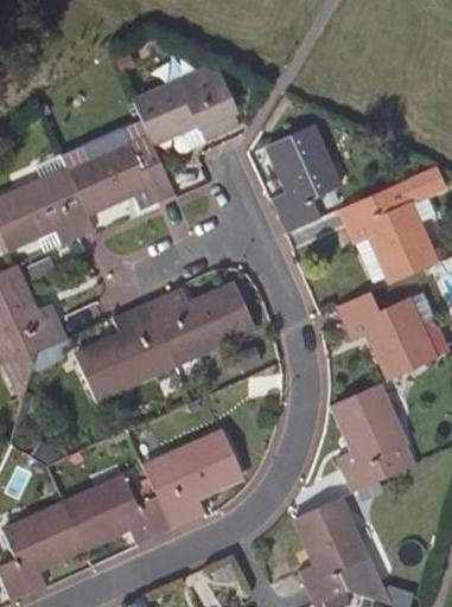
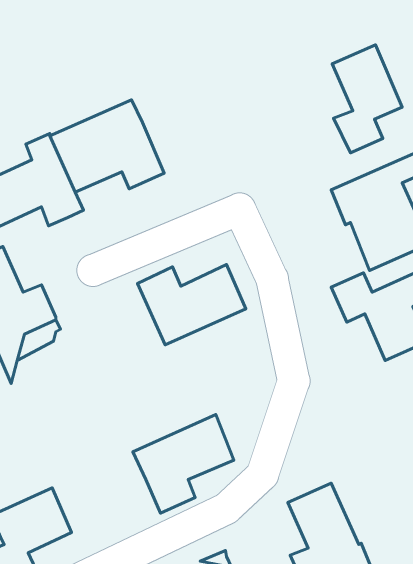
building: [134,69,242,146] -> none
building: [270,126,339,232] -> [332,45,402,153]
building: [77,302,176,398] -> none
building: [335,384,414,492] -> none
building: [64,477,171,548] -> none

